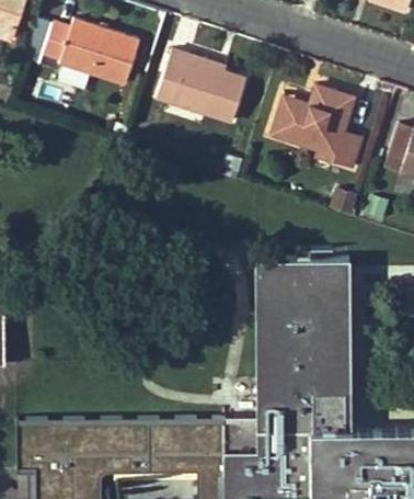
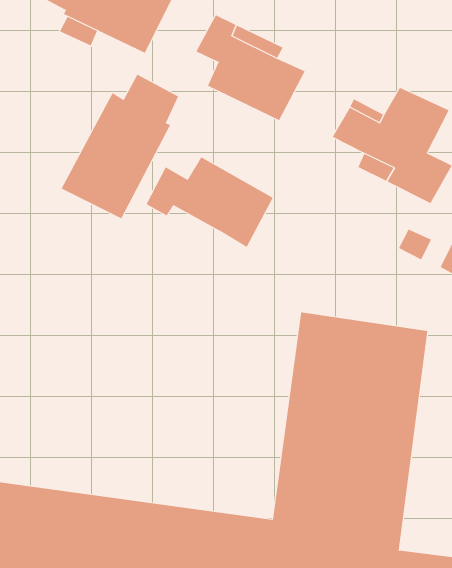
building: none -> [61,74,179,219]
building: none -> [146,157,273,248]

